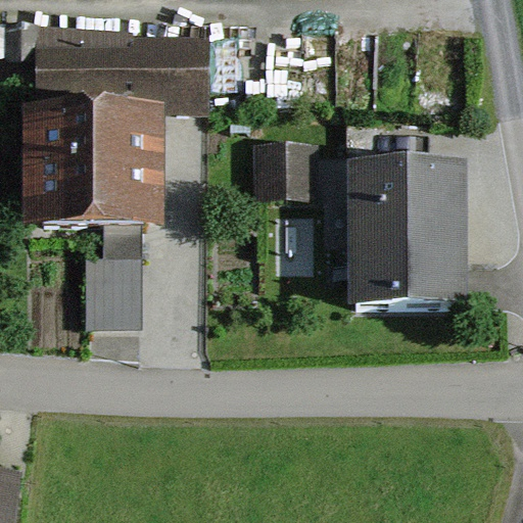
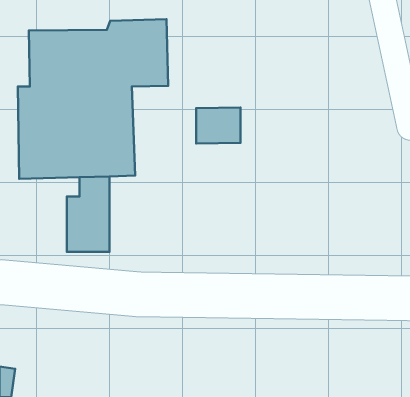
building: [346,159,466,302] -> none

